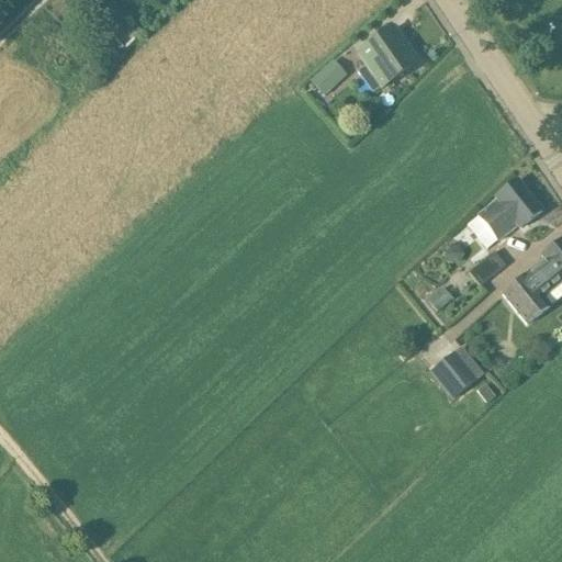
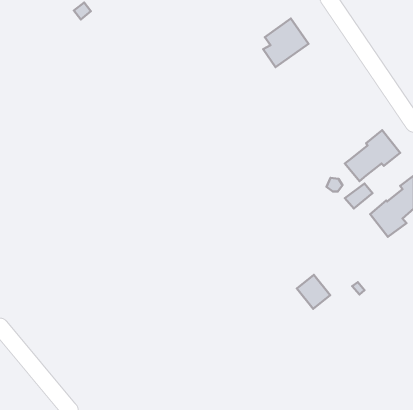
building: [310,57,345,92] -> none
building: [432,350,477,396] -> [297,275,330,309]

